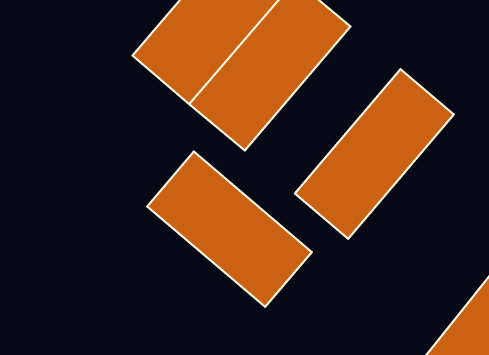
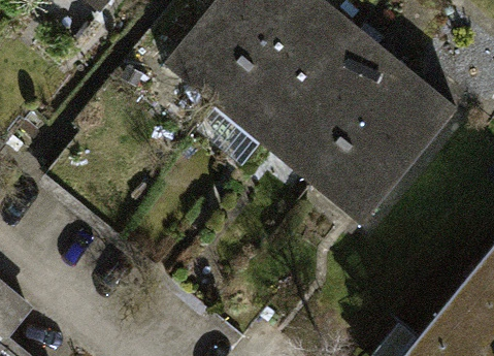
building: none -> [267,34,405,183]
building: [147,152,312,307] -> none

